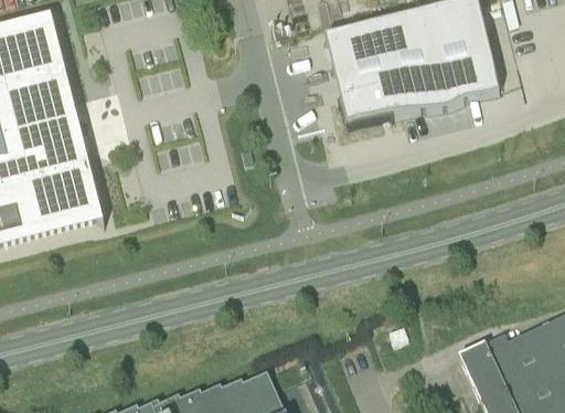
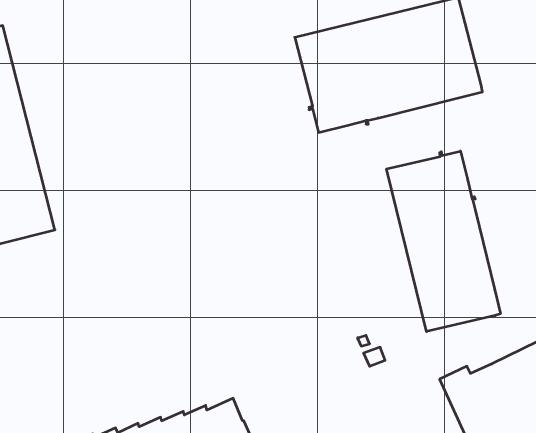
building: none -> [387,151,500,332]

